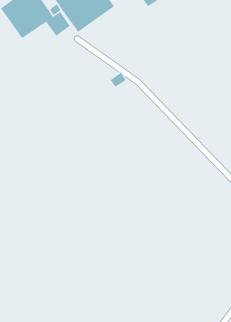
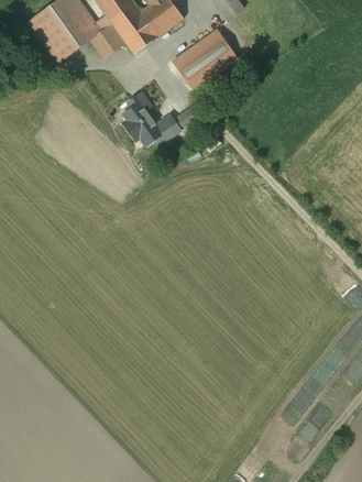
building: none -> [173,30,237,89]
building: none -> [123,101,163,145]

